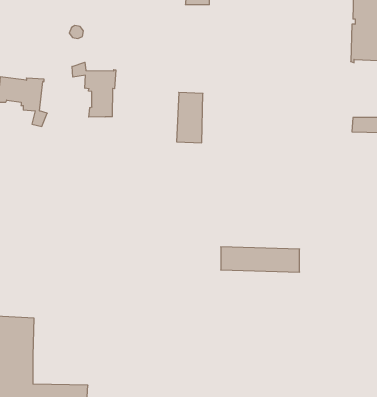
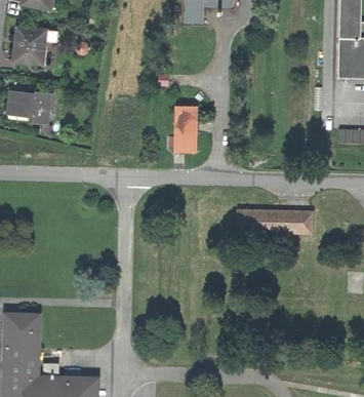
building: none -> [12,26,55,63]
building: [72,62,116,117] -> none
building: [221,247,300,272] -> [237,210,311,234]

